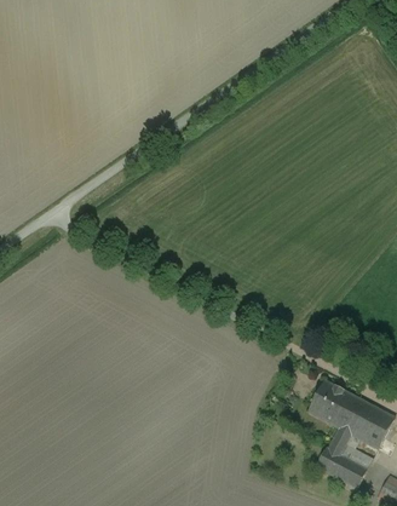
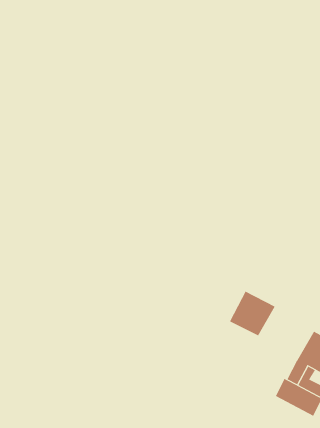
building: [307,379,357,427] -> [229,291,276,336]

